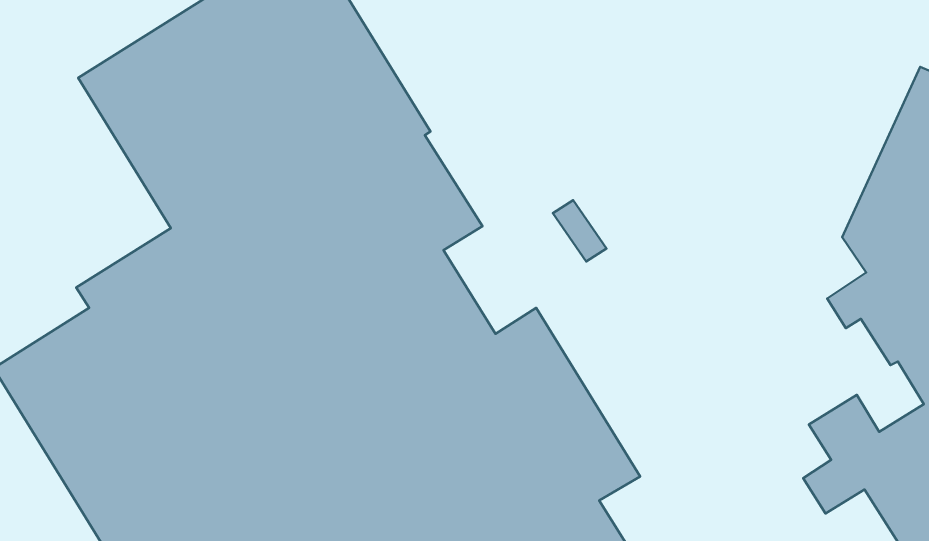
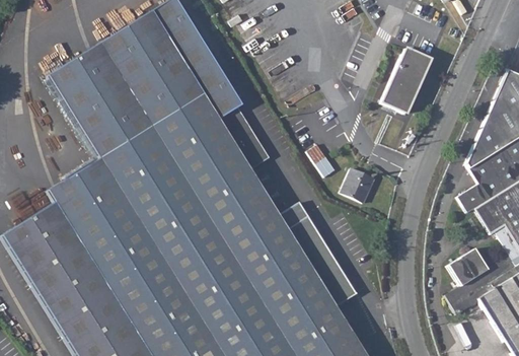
building: none -> [382,50,430,114]
building: none -> [342,169,374,202]

